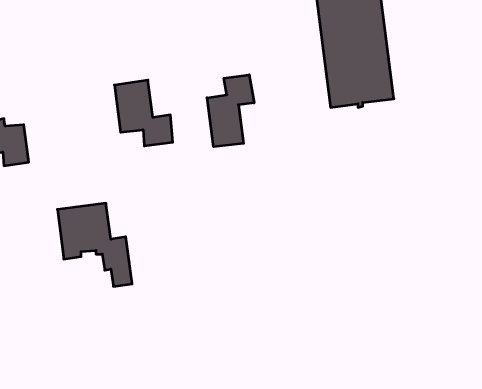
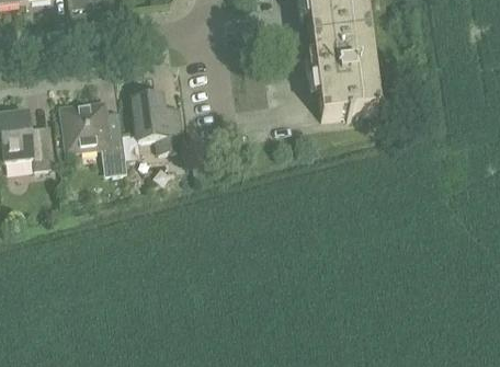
building: [207,75,254,147] -> none
building: [57,203,132,286] -> [60,101,126,174]

